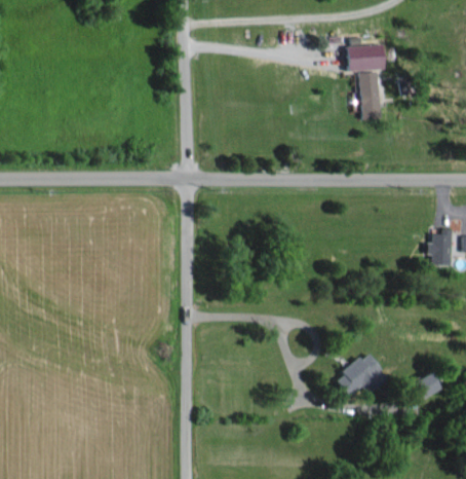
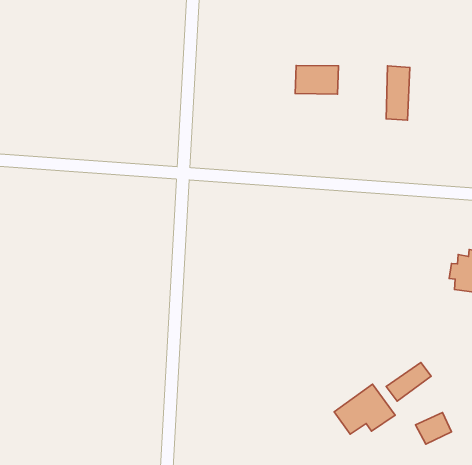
building: [347,44,385,71] -> [295,65,338,94]
building: none -> [386,363,431,401]

